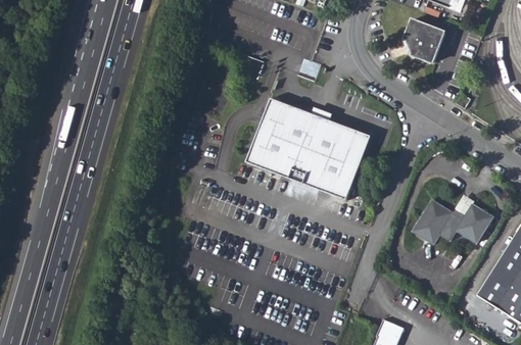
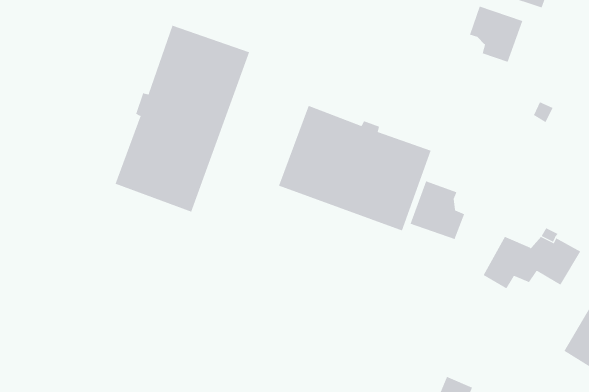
building: none -> [115,25,250,213]
building: none -> [410,180,465,240]

